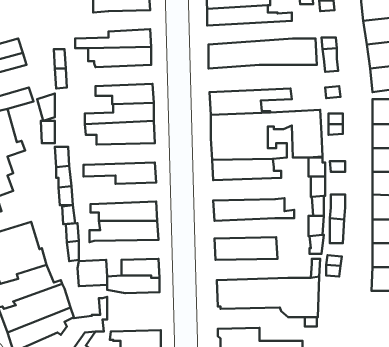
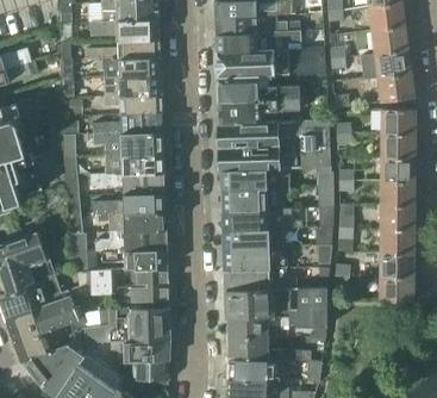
building: none -> [90,20,158,42]
building: none -> [216,31,301,55]
building: none -> [104,75,161,97]
building: none -> [217,75,299,102]
building: none -> [93,154,163,175]
building: none -> [221,188,291,211]
building: none -> [93,193,164,214]
building: none -> [223,229,285,249]
building: none -> [102,250,167,270]
building: none -> [224,269,296,291]
building: none -> [111,307,169,342]
building: none -> [226,318,296,340]

